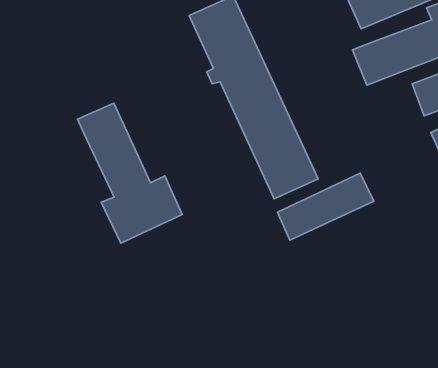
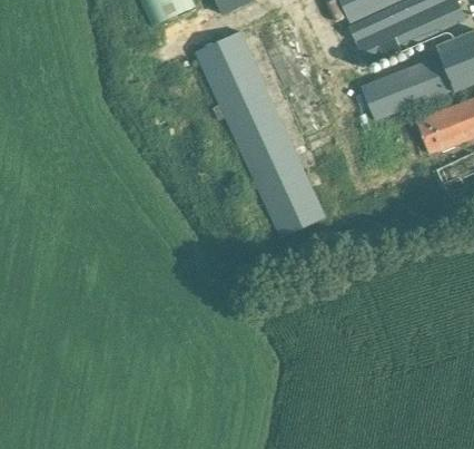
building: [77,103,182,243] -> none
building: [277,173,374,240] -> none

